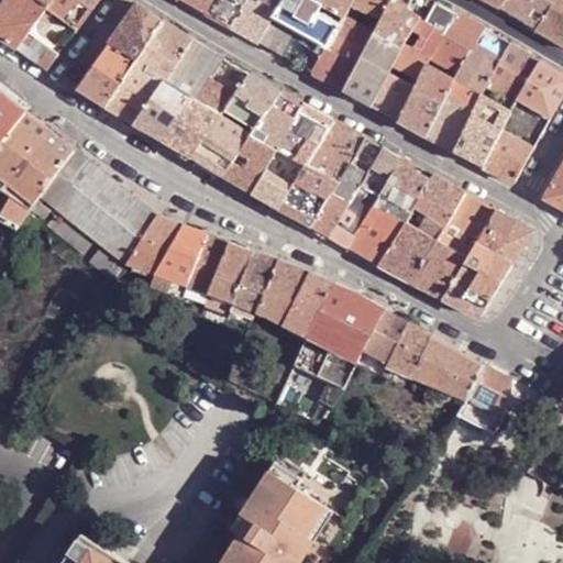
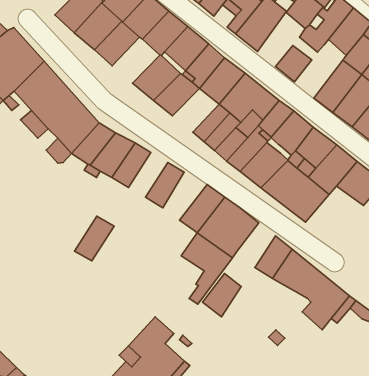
building: [343,34,399,106] -> none
building: [397,67,454,137] -> none
building: [161,98,219,158] -> none
building: [249,151,306,208] -> none
building: [208,243,253,301] -> [75,216,114,261]
building: [442,245,512,317] -> none
building: [256,261,308,323] -> none
building: [361,309,407,365] -> [202,273,241,317]

